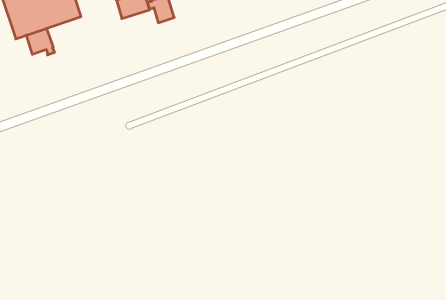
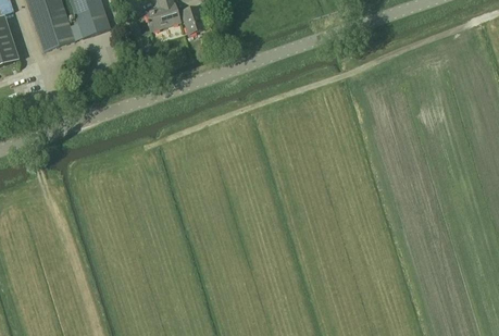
building: [26,28,54,55] -> none

